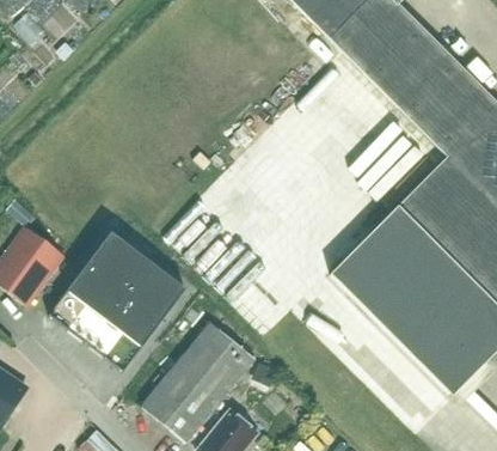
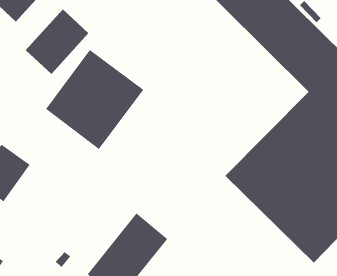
building: none -> [25,8,89,75]
building: [49,232,185,371] -> [45,49,144,150]

